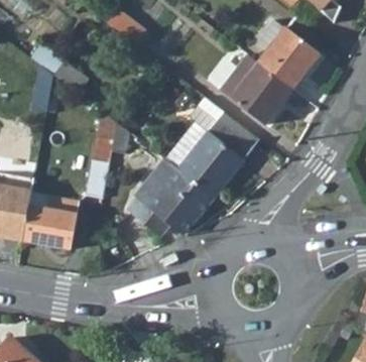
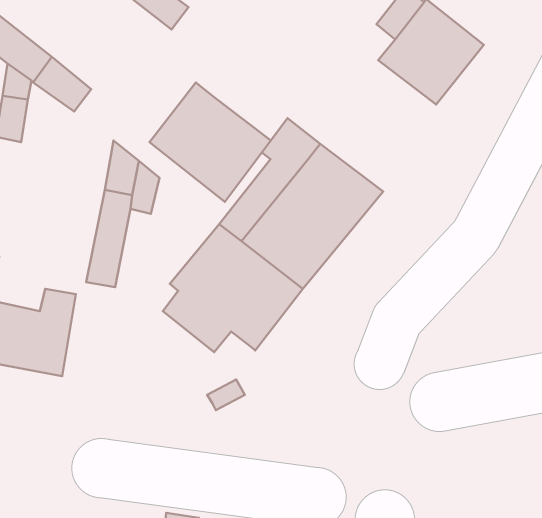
building: [220,55,291,126] -> [150,82,271,202]

